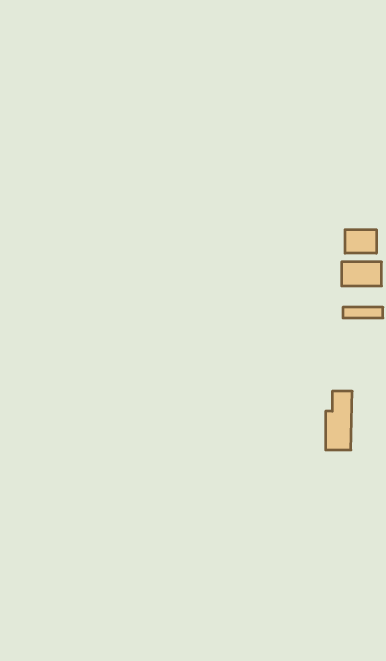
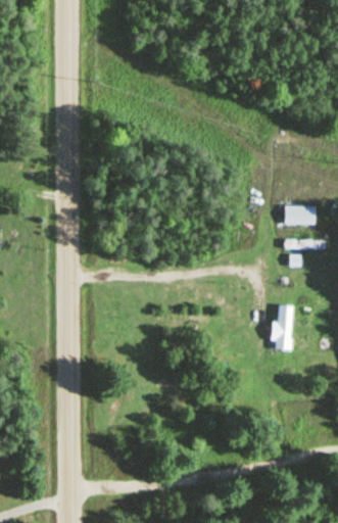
building: [345,230,376,253] -> none

